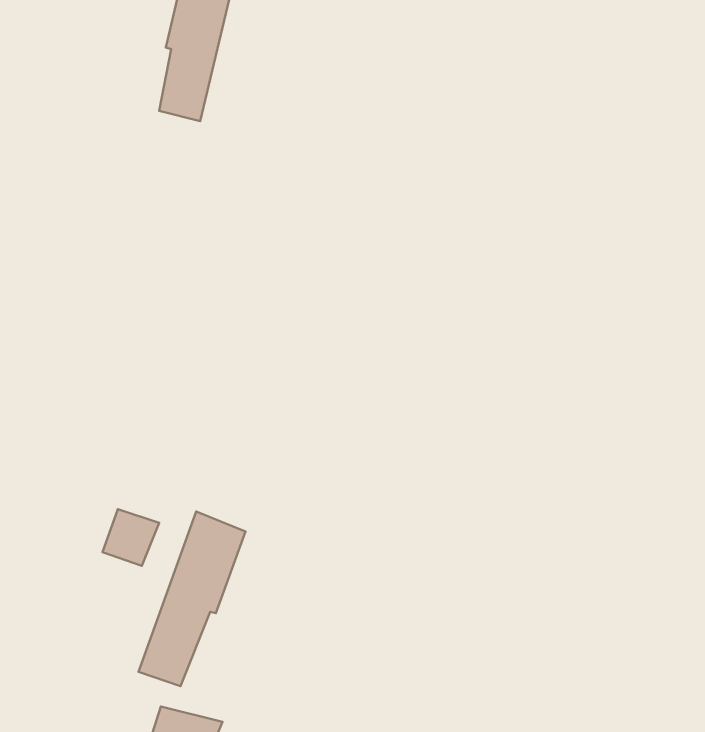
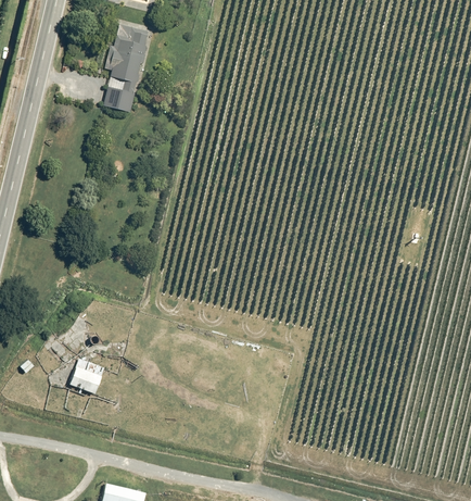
building: [139,512,246,686] -> none

